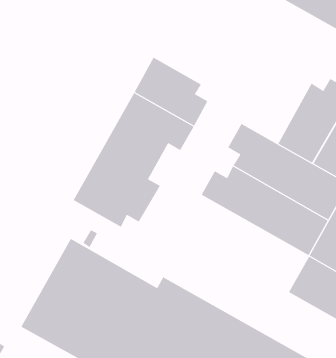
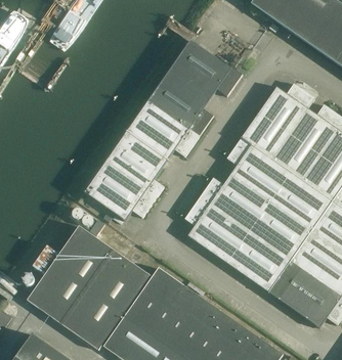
building: none -> [169,40,243,99]
building: none -> [242,83,315,159]
building: none -> [185,197,291,291]

